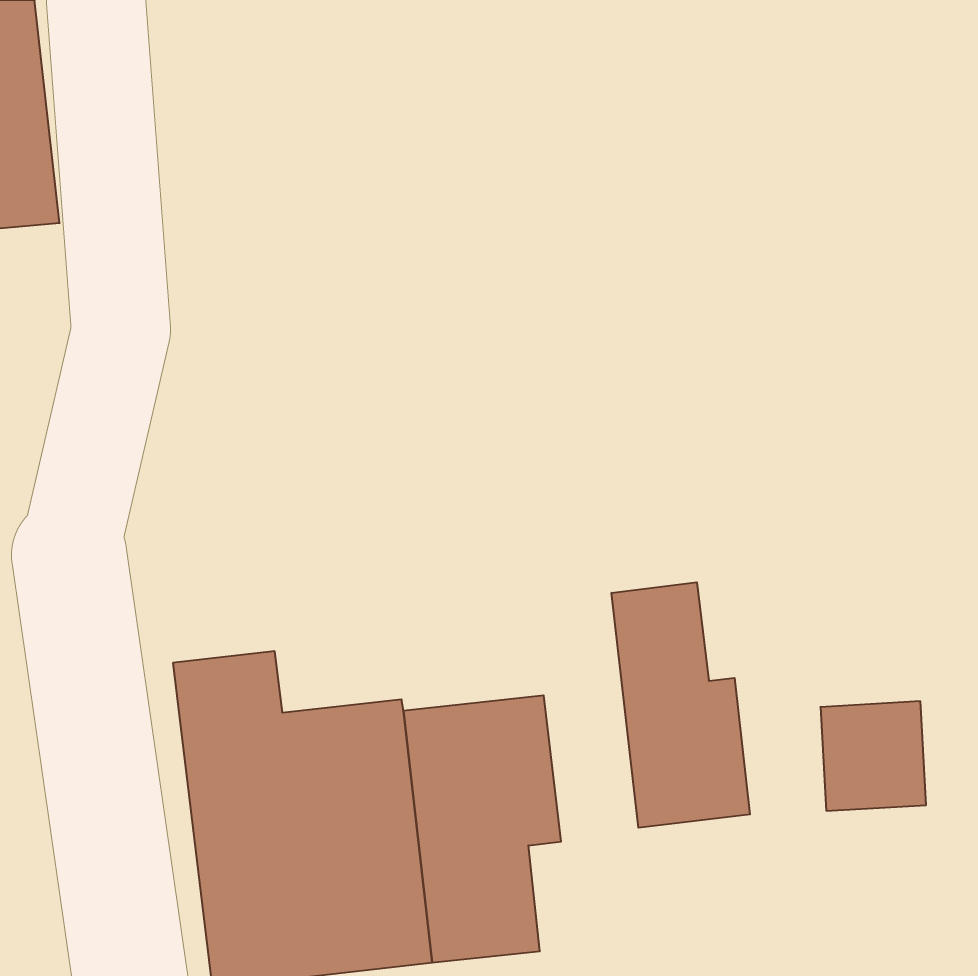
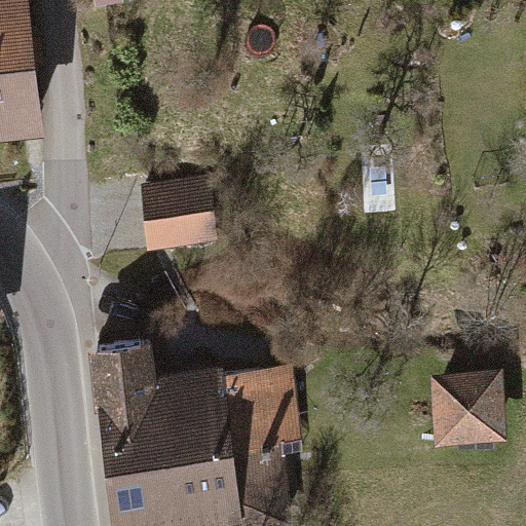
building: none -> [144,183,210,240]
building: [612,582,750,828] -> none

